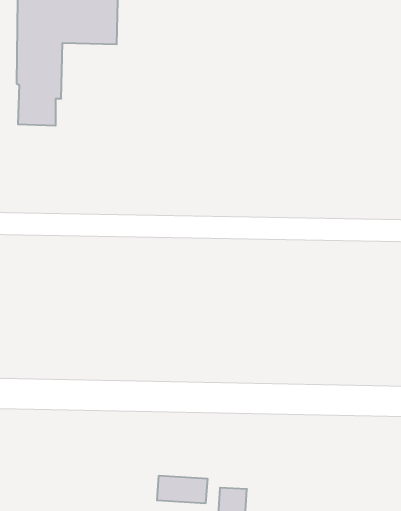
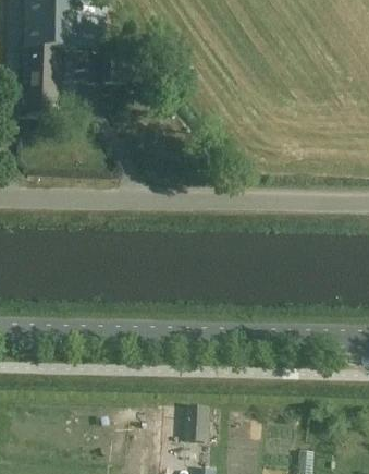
building: [157,476,207,503] -> none

